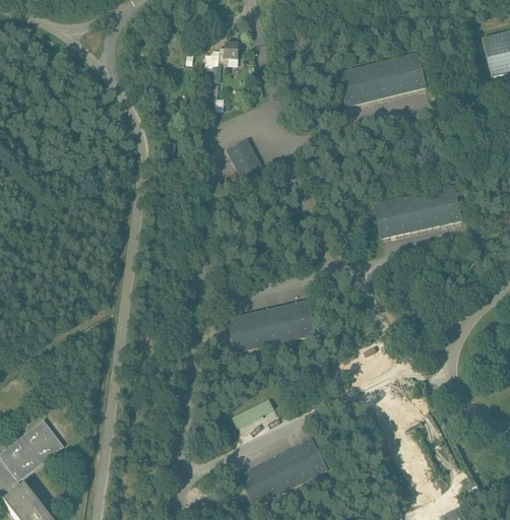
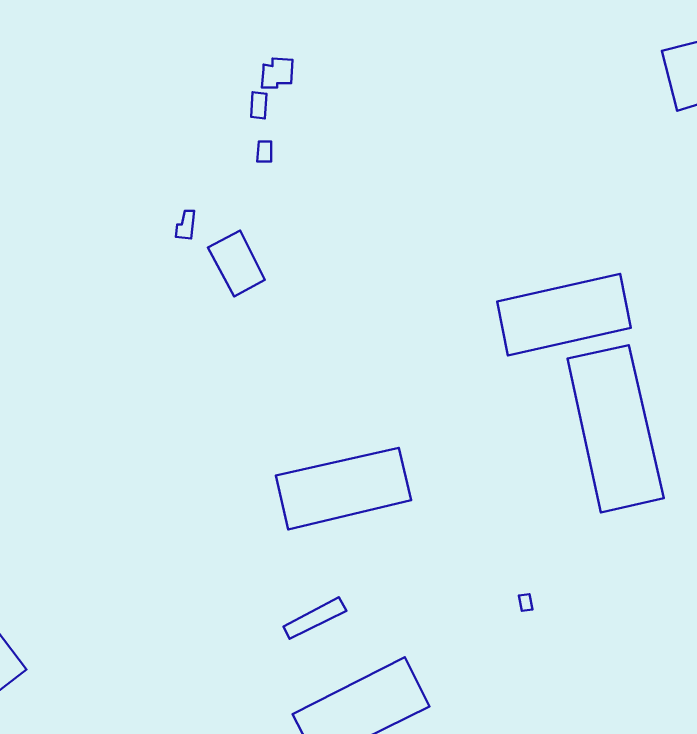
building: [338,52,428,107] -> none
building: [227,138,264,182] -> [208,230,265,297]
building: none -> [567,345,664,512]

